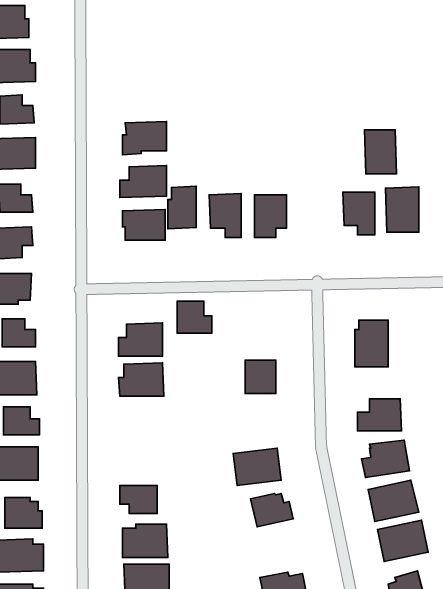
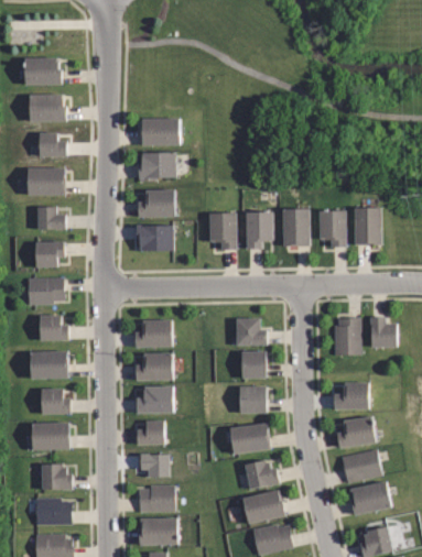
building: none -> [141,119,178,145]
building: [365,130,397,174] -> [283,209,310,245]
building: [168,186,196,229] -> none
building: [177,301,212,333] -> [236,317,264,343]
building: none -> [367,318,394,348]
building: none -> [136,385,173,413]
building: none -> [238,386,264,413]
building: none -> [134,419,162,444]
building: none -> [241,490,283,524]

